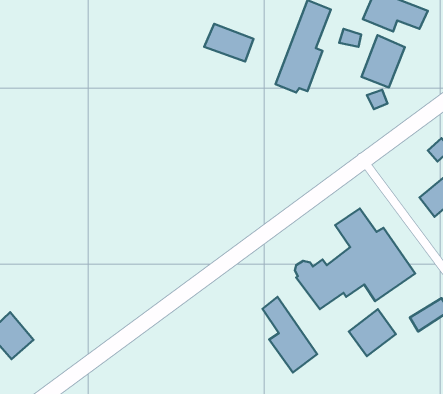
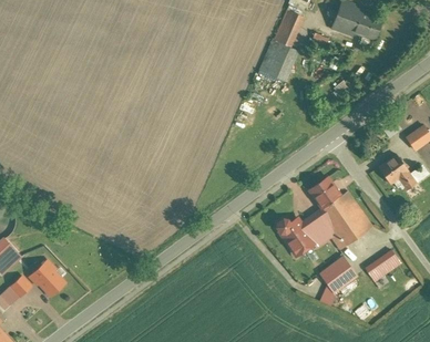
building: [204,24,254,62] -> none
building: [362,35,405,87] -> none
building: [262,297,317,373] -> none

